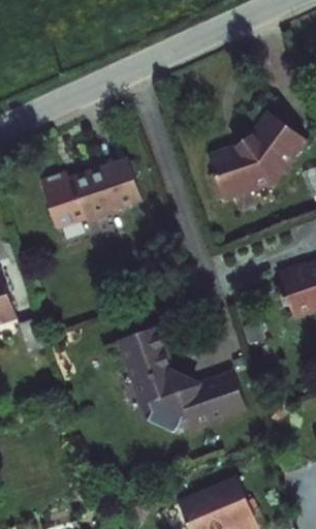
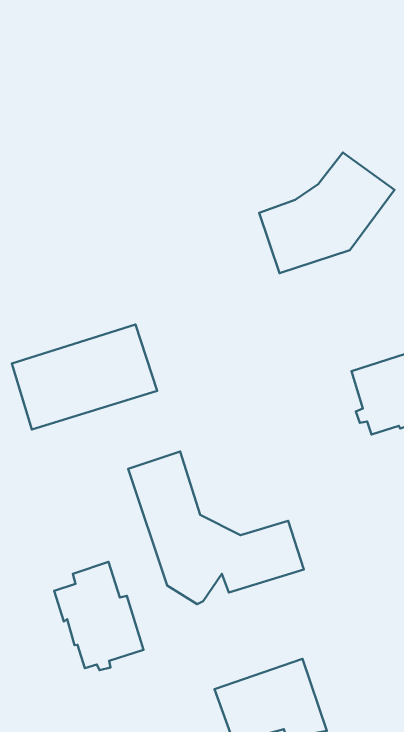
building: [40,153,145,228] -> [12,325,157,430]
building: none -> [54,562,143,670]

